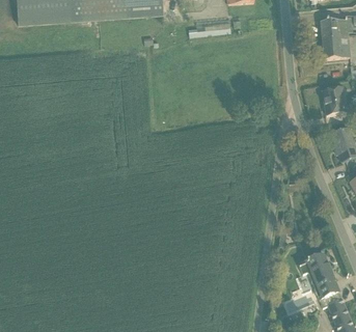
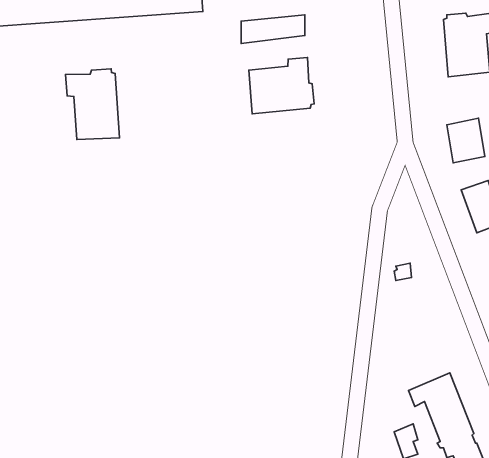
building: none -> [249,57,314,114]
building: none -> [66,69,120,139]

